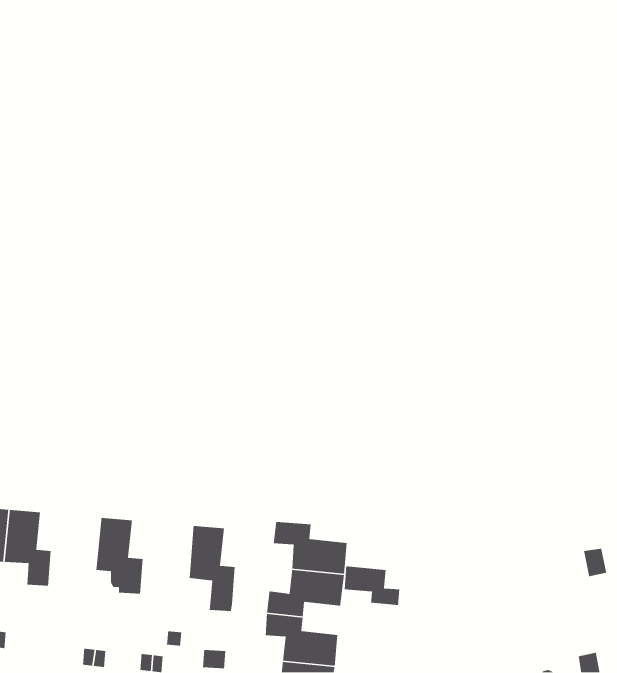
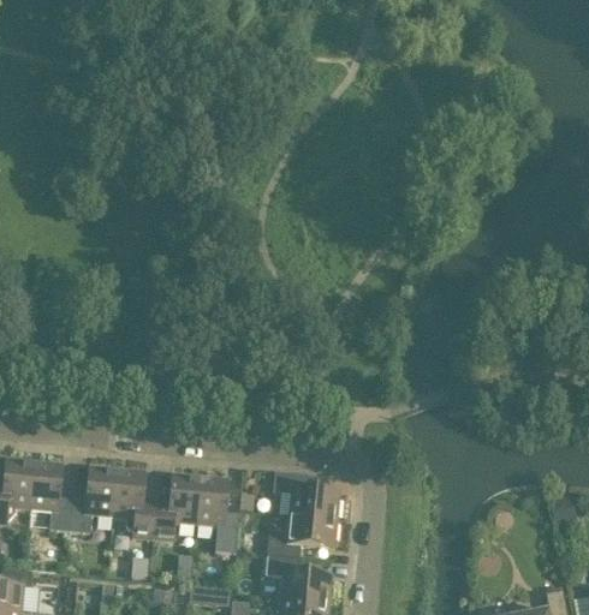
building: none -> [70,465,117,532]
building: none -> [153,472,200,539]
building: [344,565,400,606] -> none

